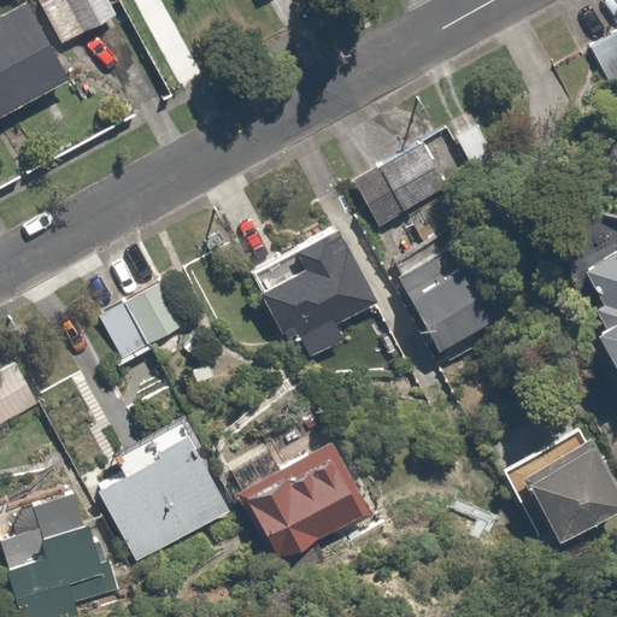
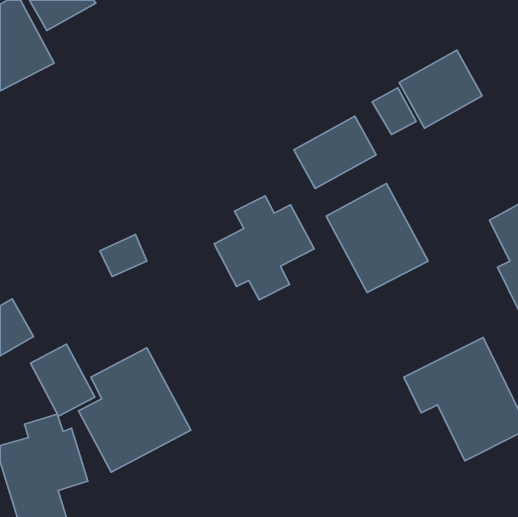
building: none -> [399,50,482,128]
building: none -> [30,344,95,416]
building: [231,436,376,564] -> none

